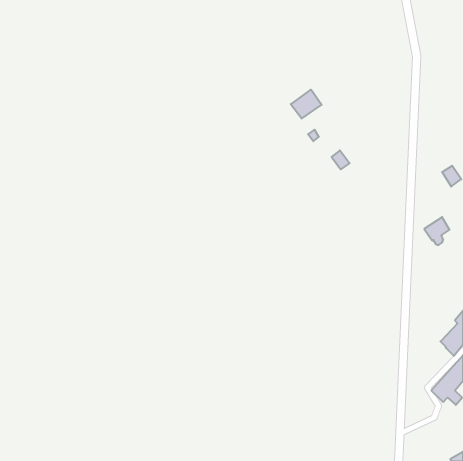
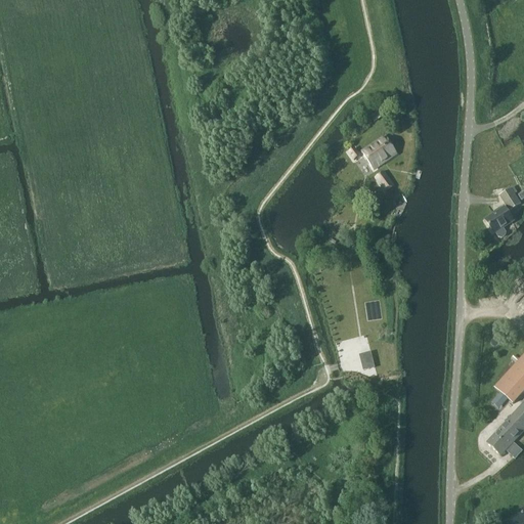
building: [291,90,322,119] -> [361,135,396,168]
building: [424,217,450,245] -> [485,206,514,237]

